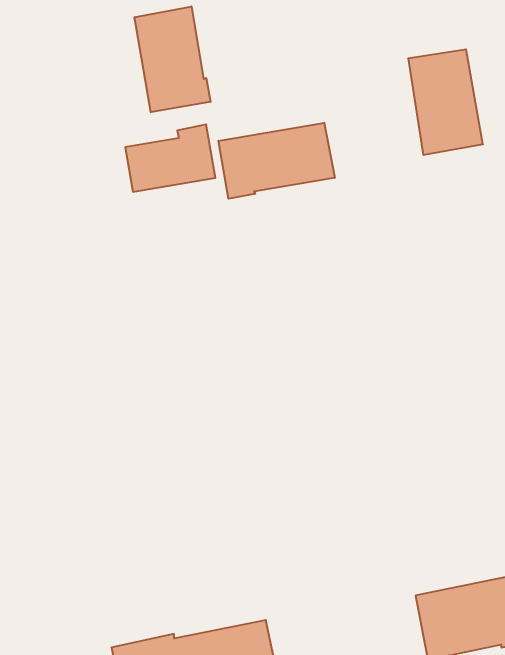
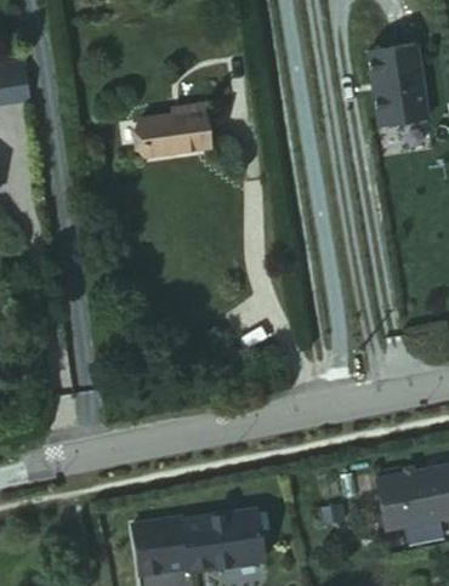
building: [135,6,211,112] -> none
building: [218,123,335,199] -> none

